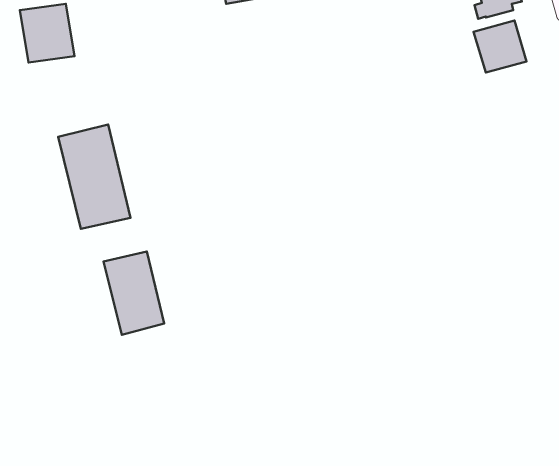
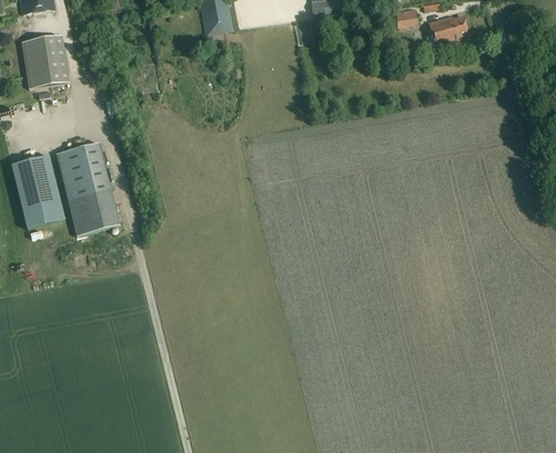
building: [474,21,527,73] -> none
building: [103,251,164,335] -> [10,155,64,229]

